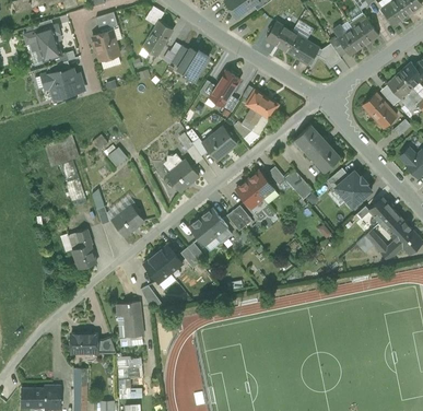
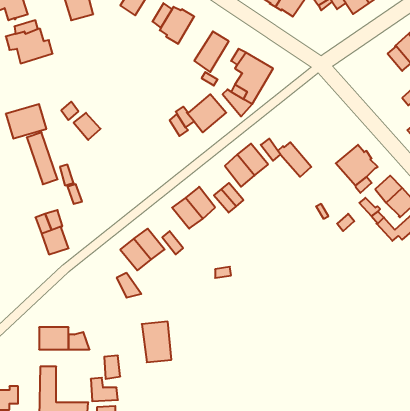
building: [365,95,396,128] -> none
building: [294,125,341,174] -> none
building: [165,155,199,191] -> none
building: [111,206,144,236] -> none
building: [116,302,142,338] -> [142,322,171,362]

